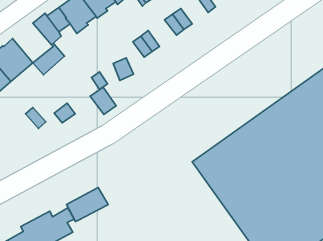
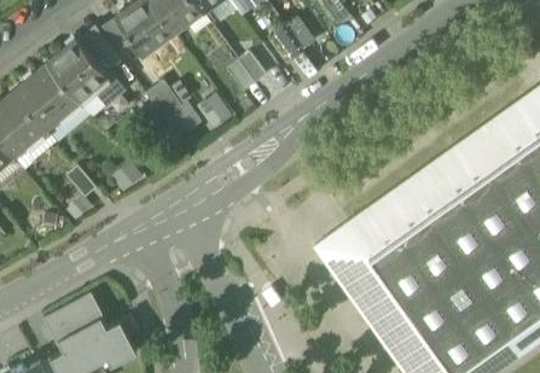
building: none -> [48,40,109,100]
building: [90,87,116,115] -> [145,81,184,122]
building: [67,188,108,222] -> [45,295,106,345]

